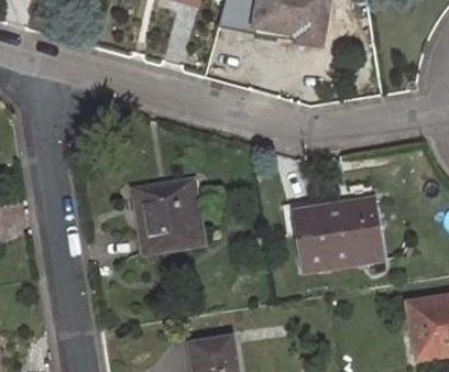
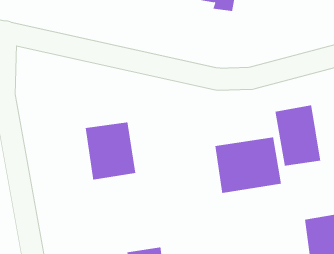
building: none -> [275,104,321,167]

